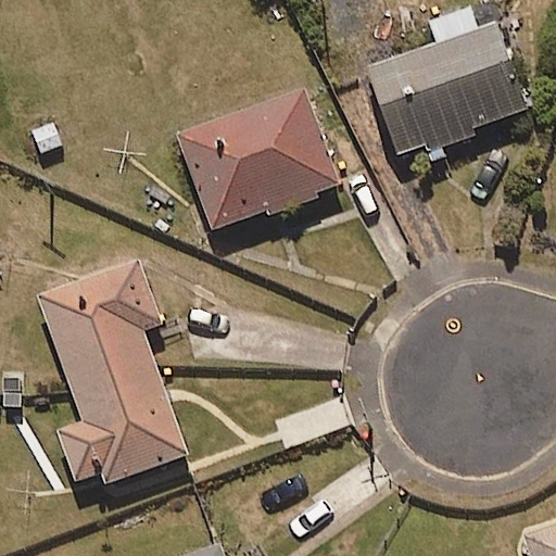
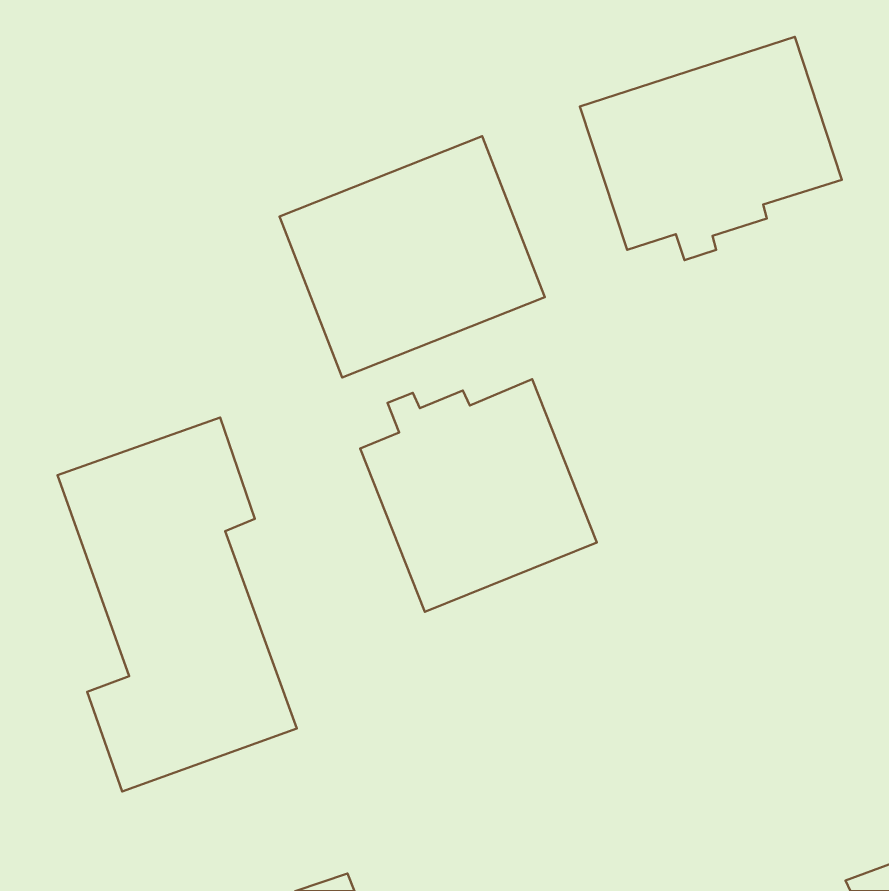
building: none -> [360,379,597,612]

